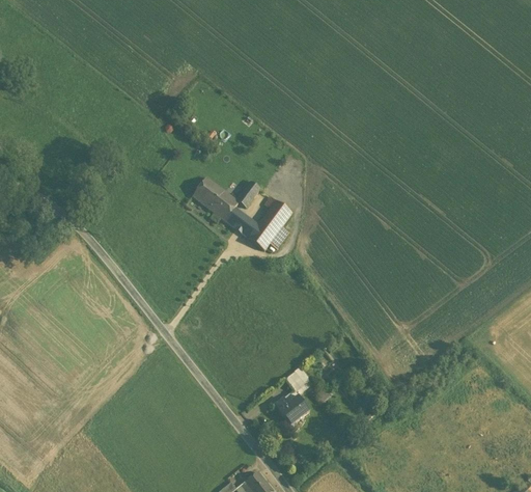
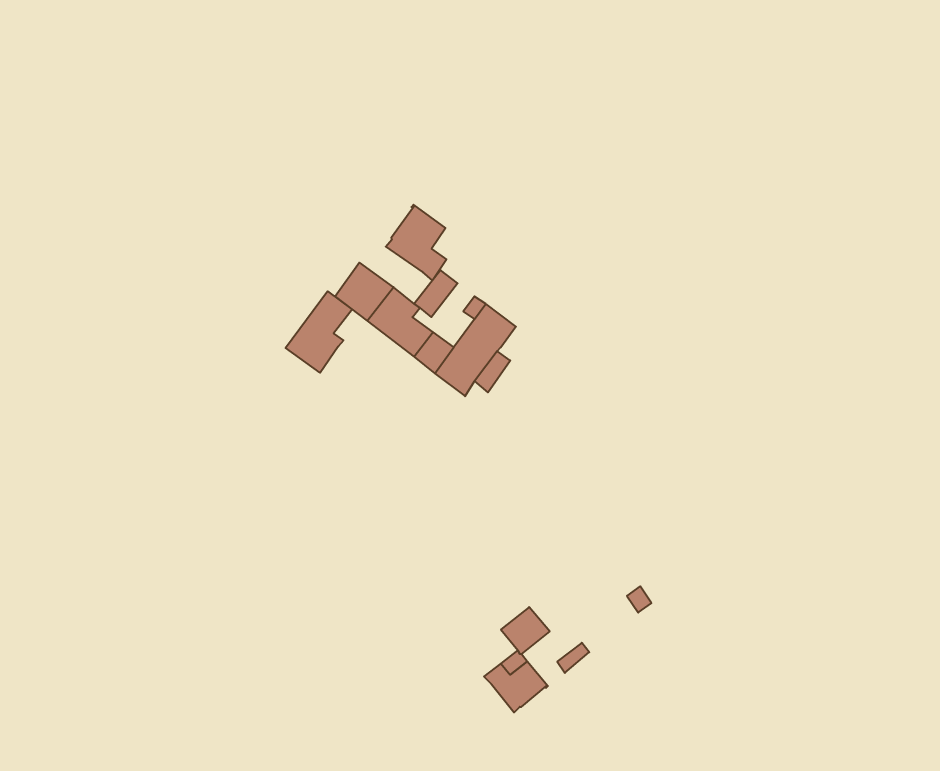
building: none -> [386,205,446,280]
building: none -> [286,291,352,373]

